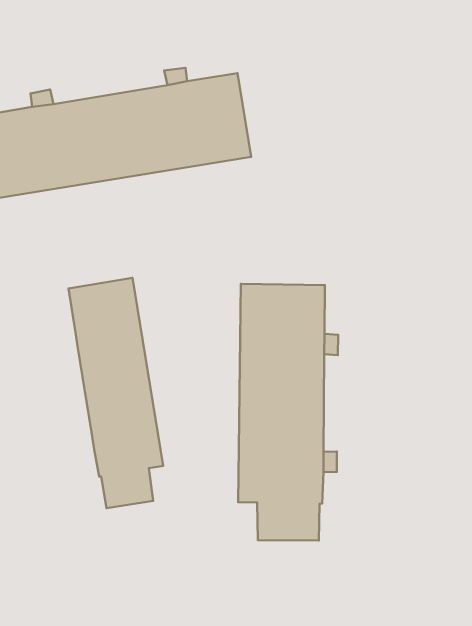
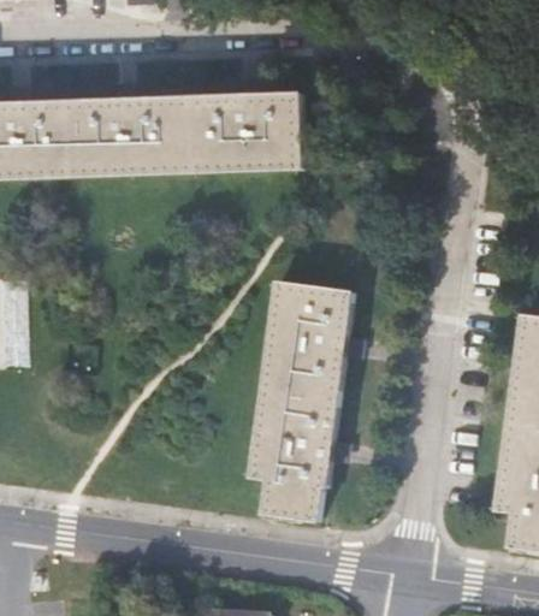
building: [69,278,163,508] -> none

